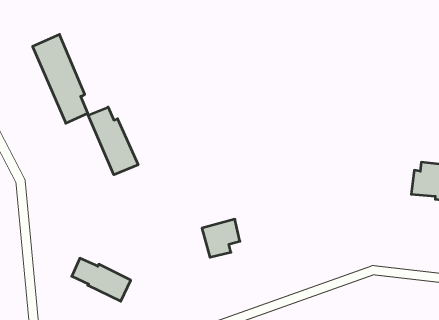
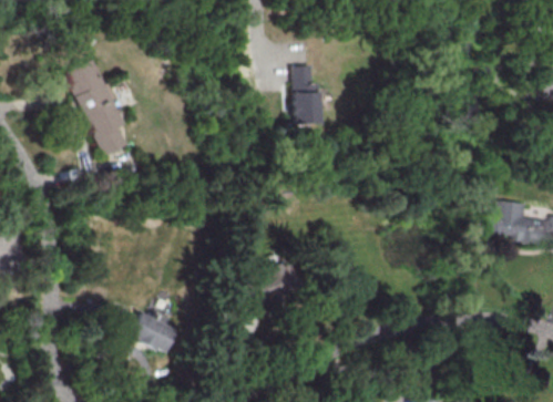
building: none -> [295,65,322,124]
building: [88,107,138,175] -> none

